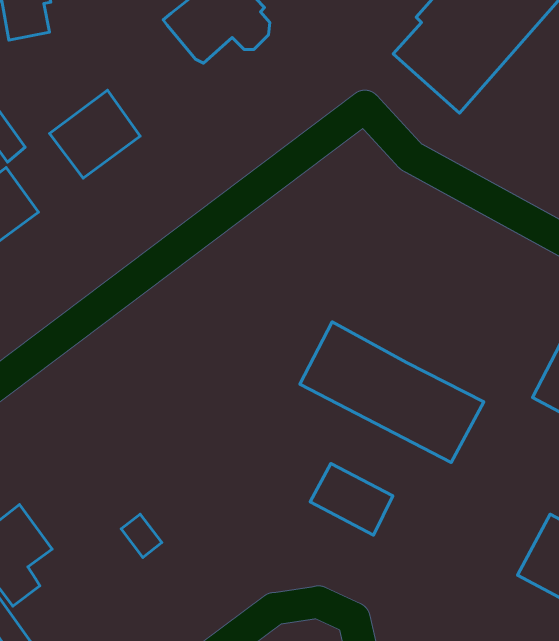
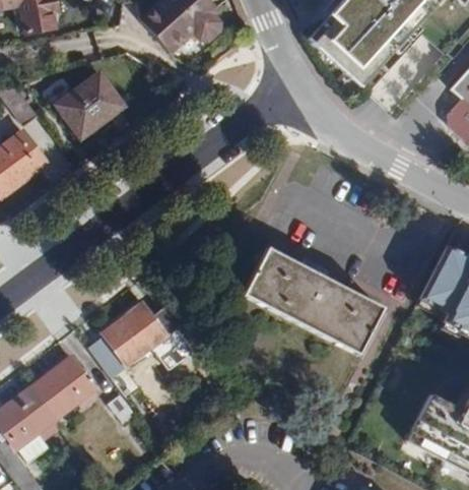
building: none -> [90,301,165,378]
building: [310,463,393,535] -> none
building: none -> [33,355,95,416]

